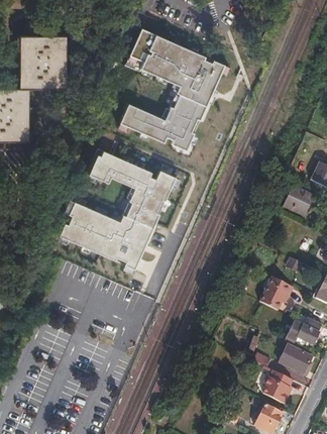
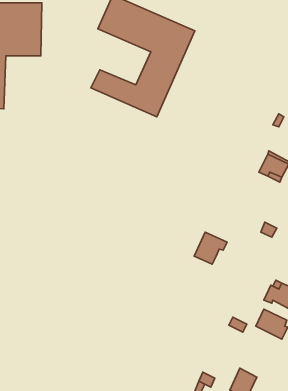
building: [57,151,170,264] -> none
building: [261,277,295,309] -> [194,232,227,264]
building: [262,370,294,404] -> none

